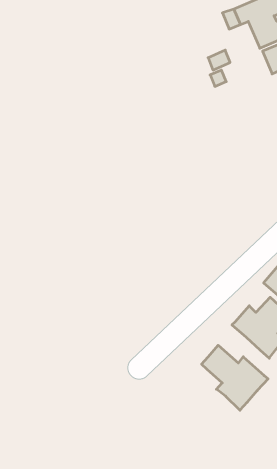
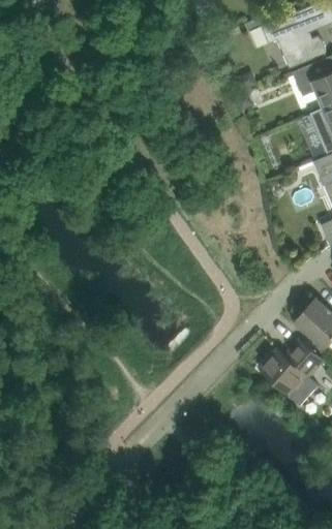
building: [202,345,268,410] -> none

